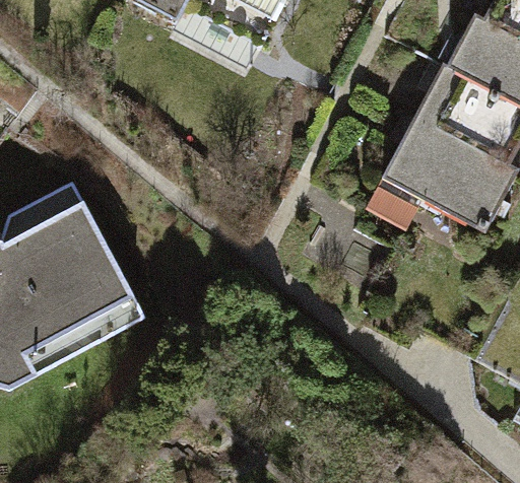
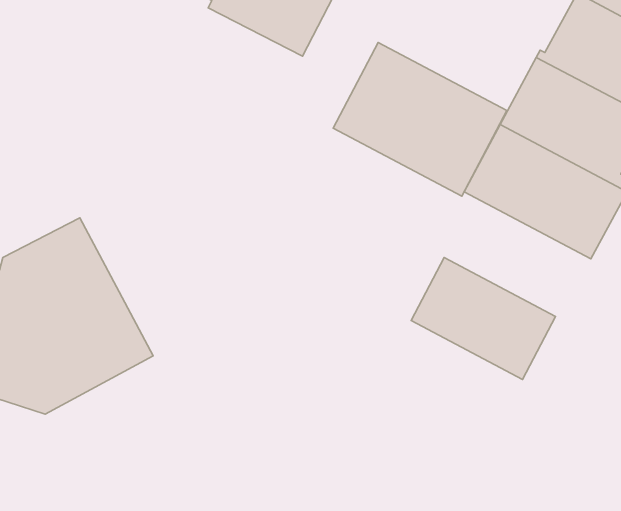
building: none -> [333,42,507,196]
building: none -> [411,258,555,379]

